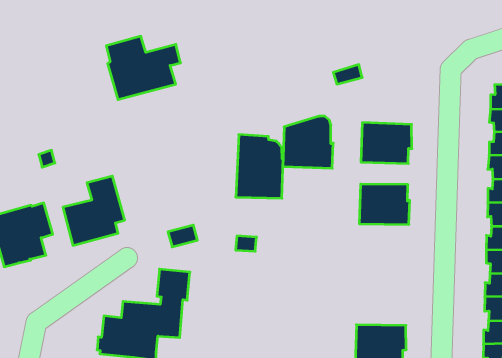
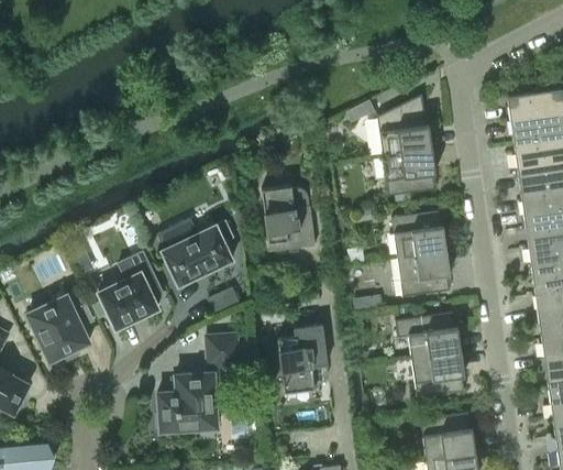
building: [106,36,181,100] -> [157,218,234,285]
building: [283,116,333,168] -> [377,99,432,156]
building: none -> [397,250,451,297]
building: none -> [278,325,328,393]
building: none -> [396,311,461,359]

